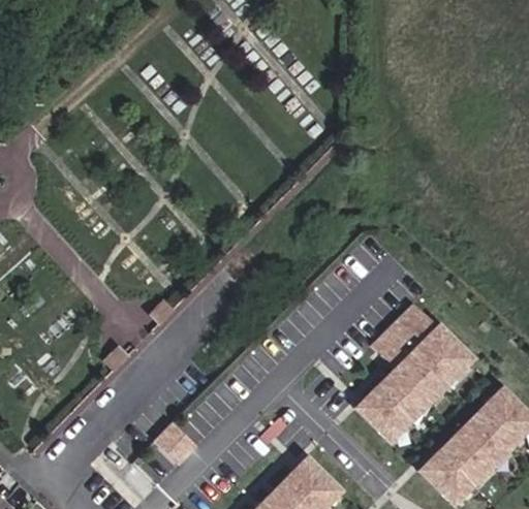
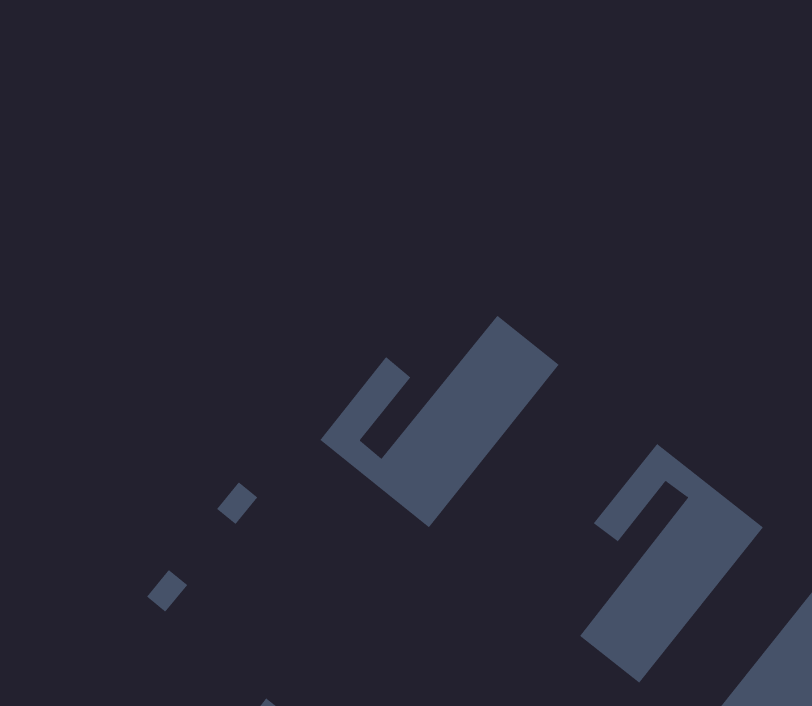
building: none -> [319,315,559,528]

